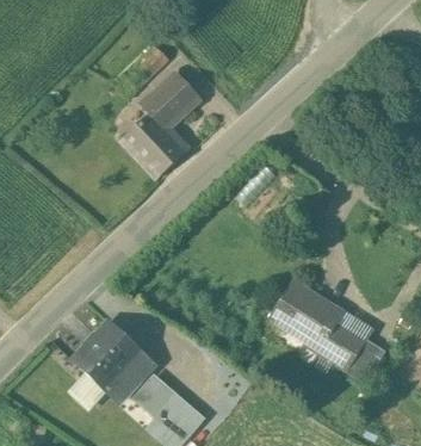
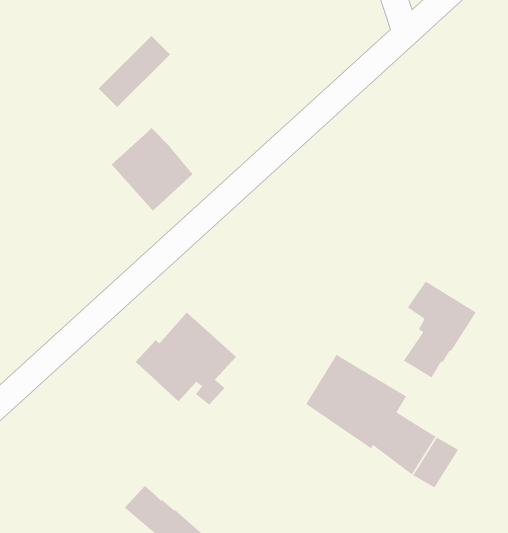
building: [146,78,200,128] -> none
building: none -> [403,280,477,379]
building: [74,323,149,392] -> [135,312,237,406]

